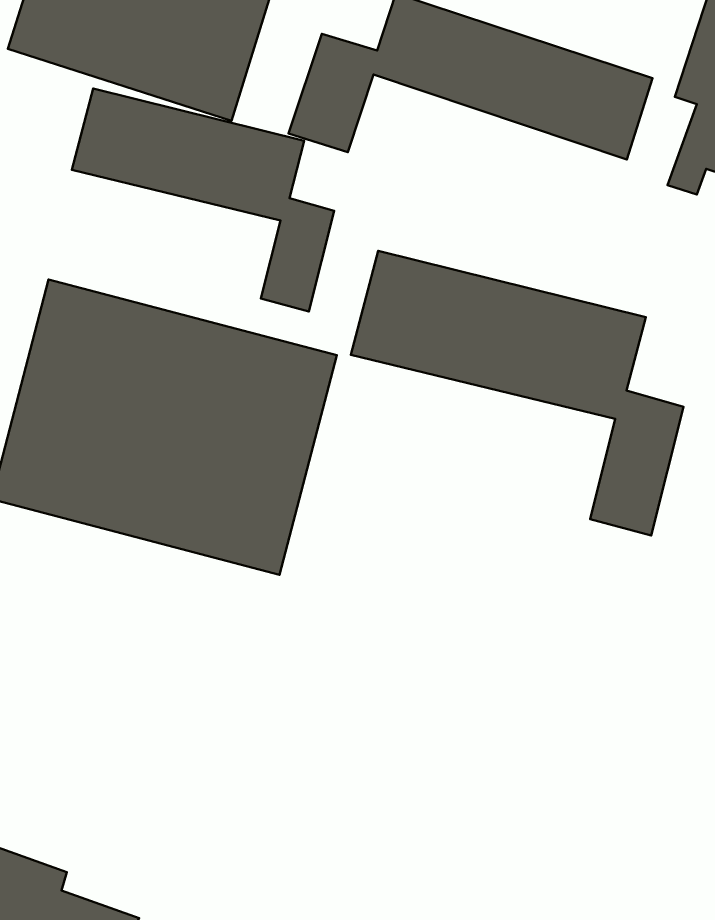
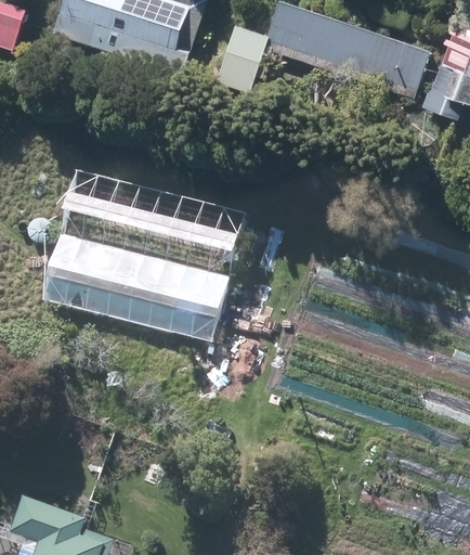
building: [72,89,334,311] -> none
building: [351,251,683,535] -> none

